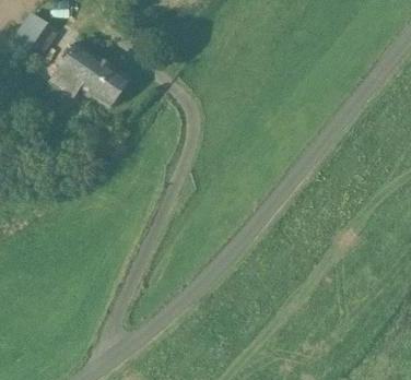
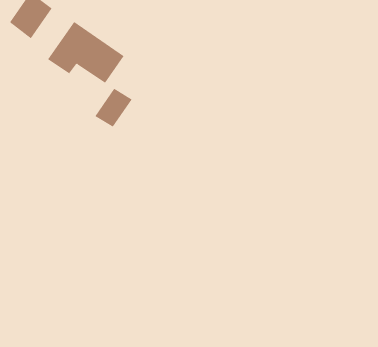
building: none -> [94,88,133,128]

